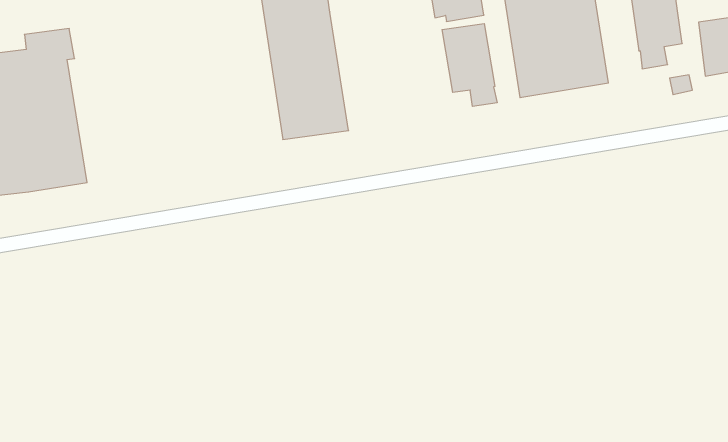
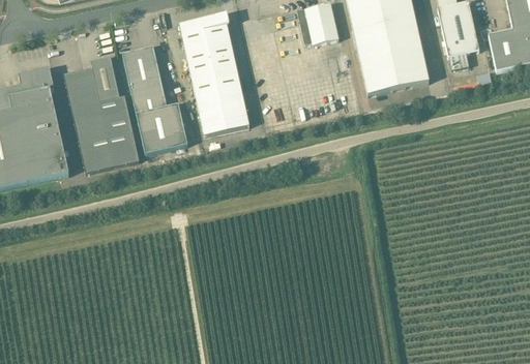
building: none -> [122,46,187,154]
building: none -> [63,56,138,173]
building: [442,24,497,106] -> none

